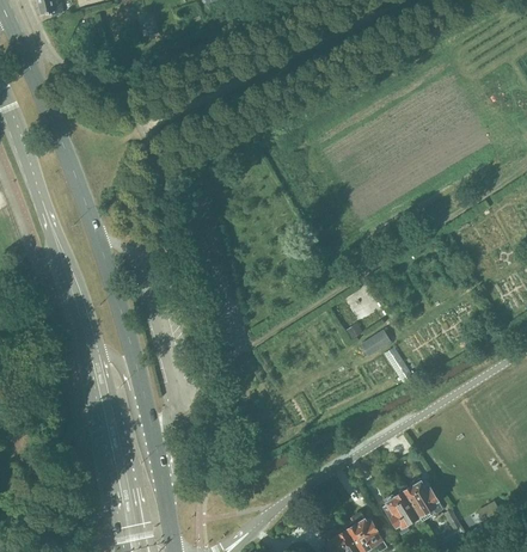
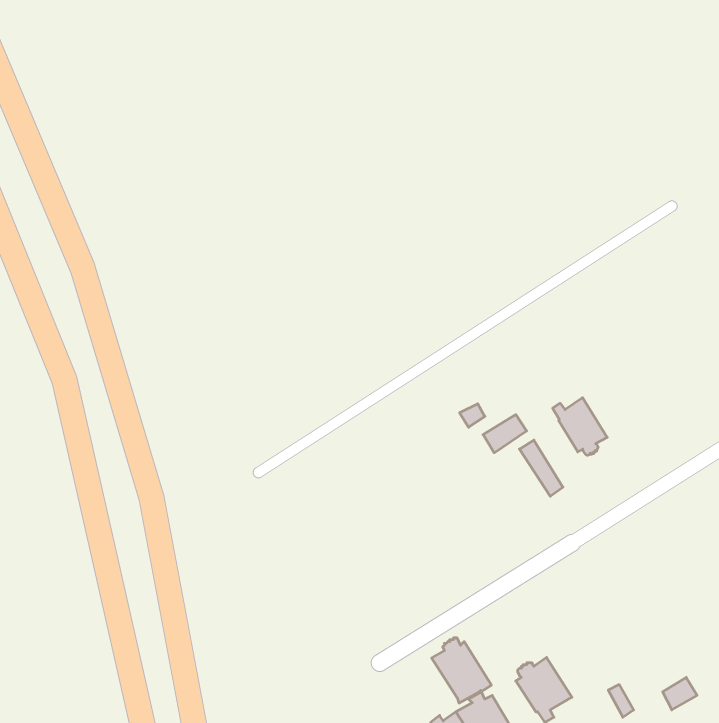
building: none -> [553,398,607,455]
building: [404,478,443,521] -> [432,638,491,703]

